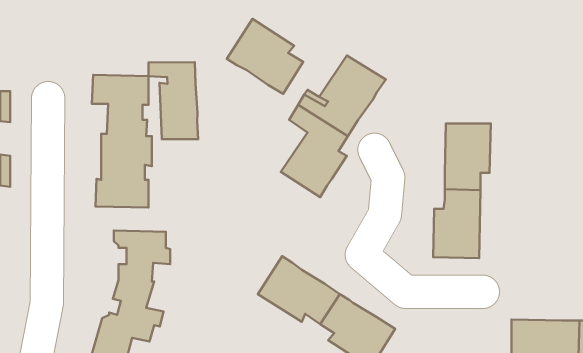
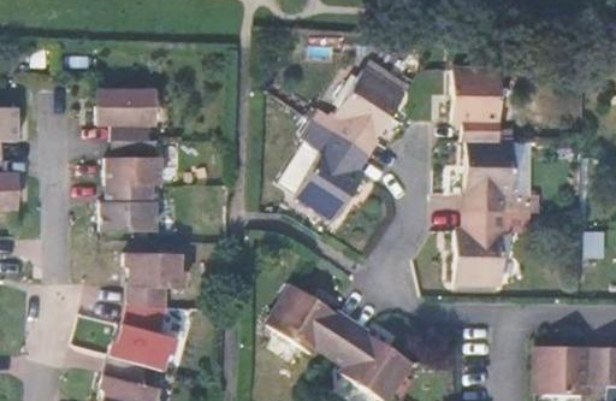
building: [227,19,303,94] -> none
building: none -> [454,71,507,142]
building: [148,62,198,139] -> none

